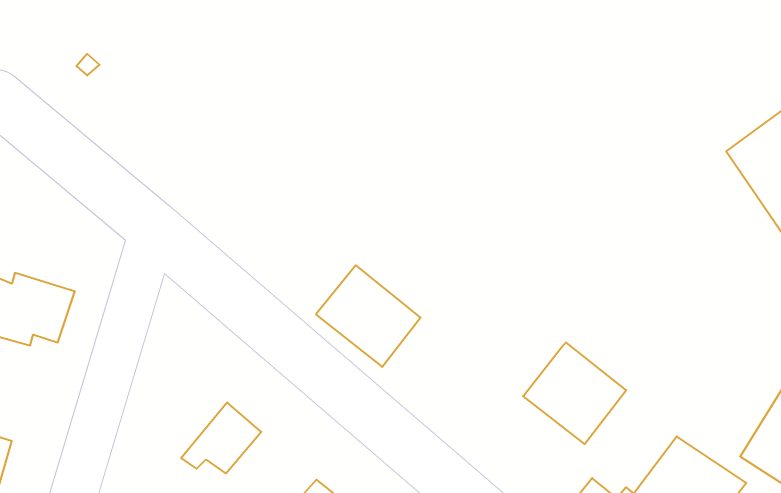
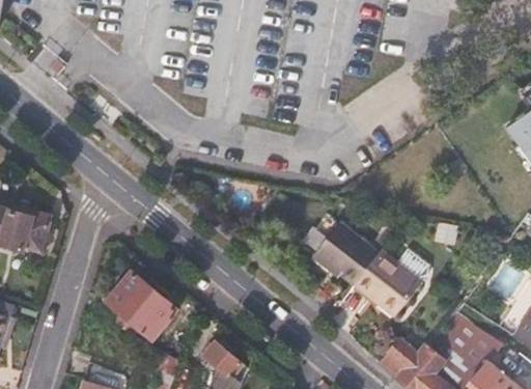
building: [316,265,421,367] -> [310,217,381,285]
building: none -> [107,272,155,328]

